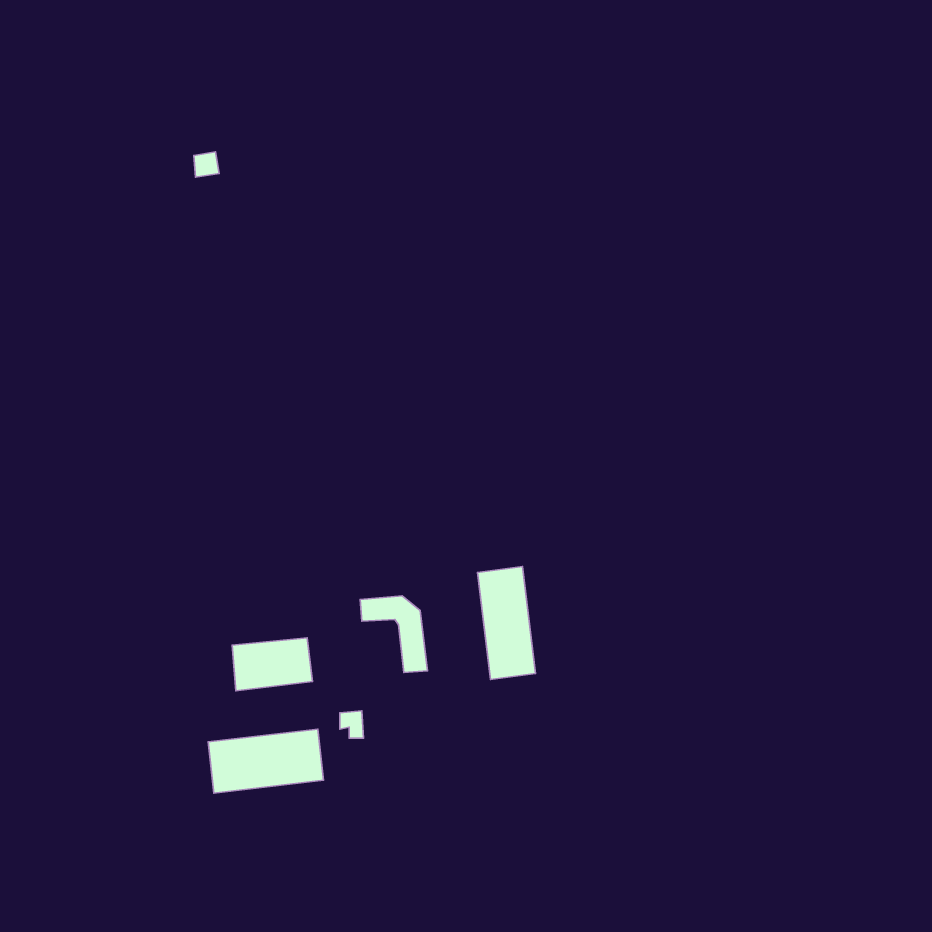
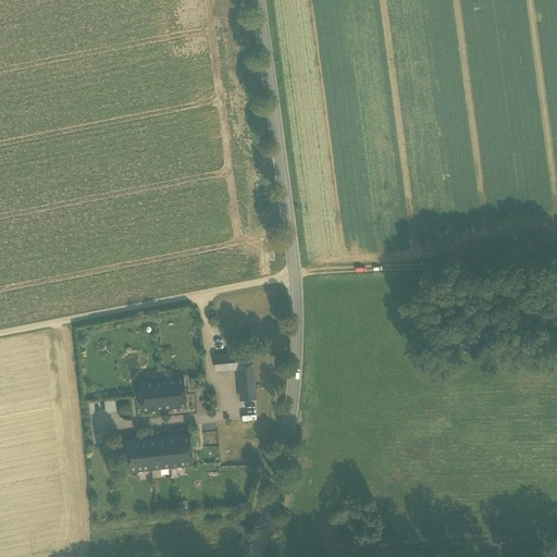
building: [478,567,536,679] -> none

